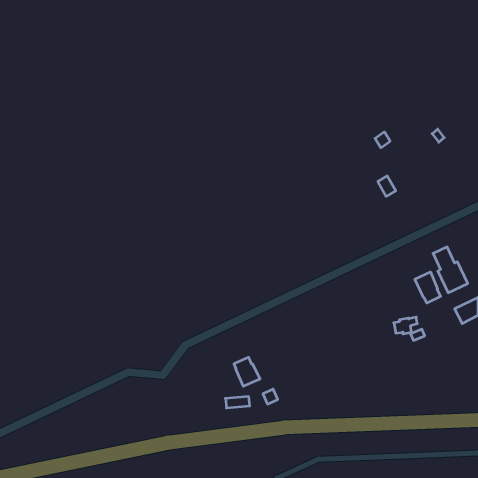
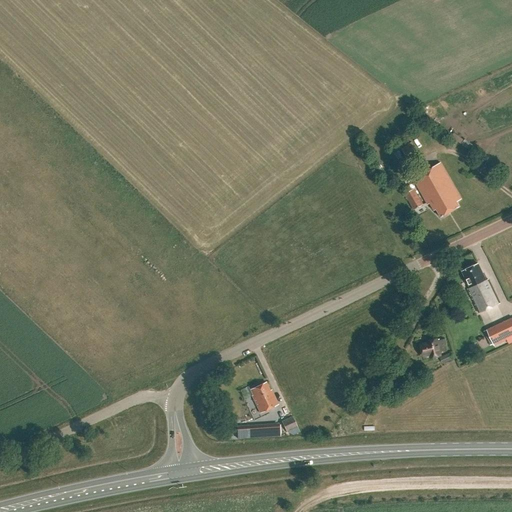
building: none -> [413,163,461,218]
building: [415,272,441,303] -> none

